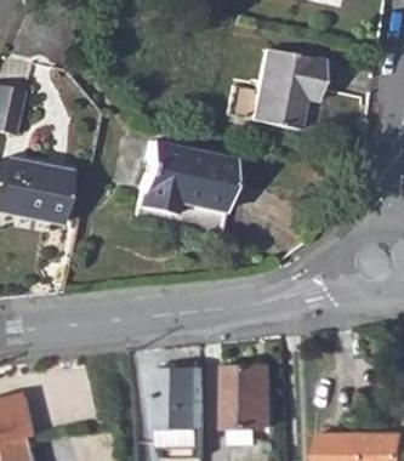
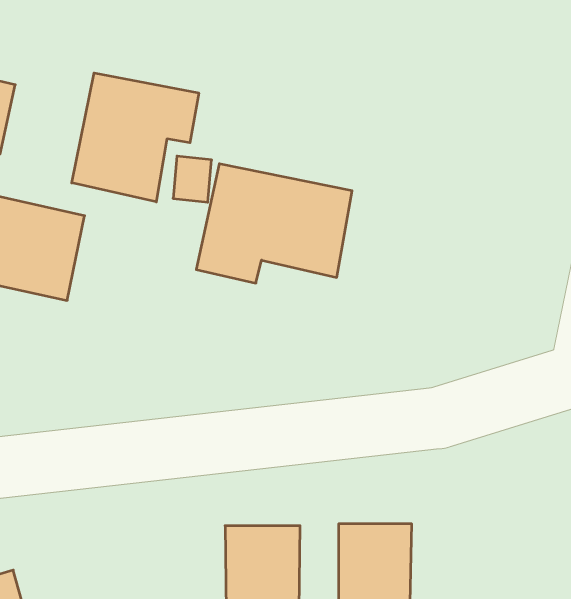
building: [247,47,319,129] -> none
building: none -> [72,73,199,202]

